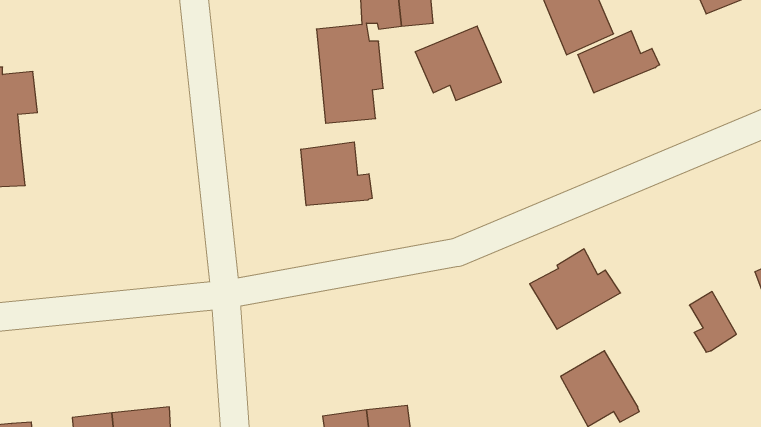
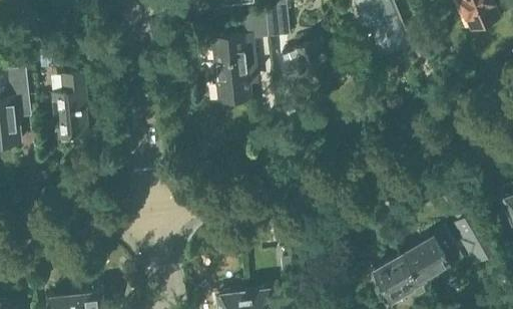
building: [578,31,660,93] -> none
building: none -> [52,75,86,140]
building: [301,142,372,206] -> none
building: [530,249,621,329] -> [402,231,462,284]

